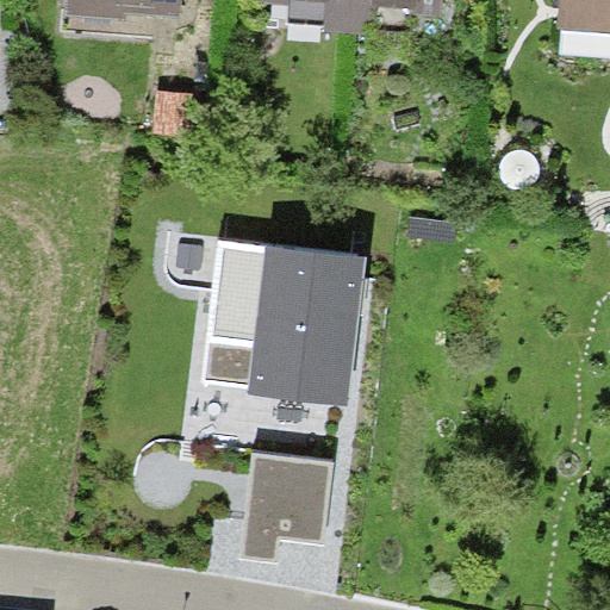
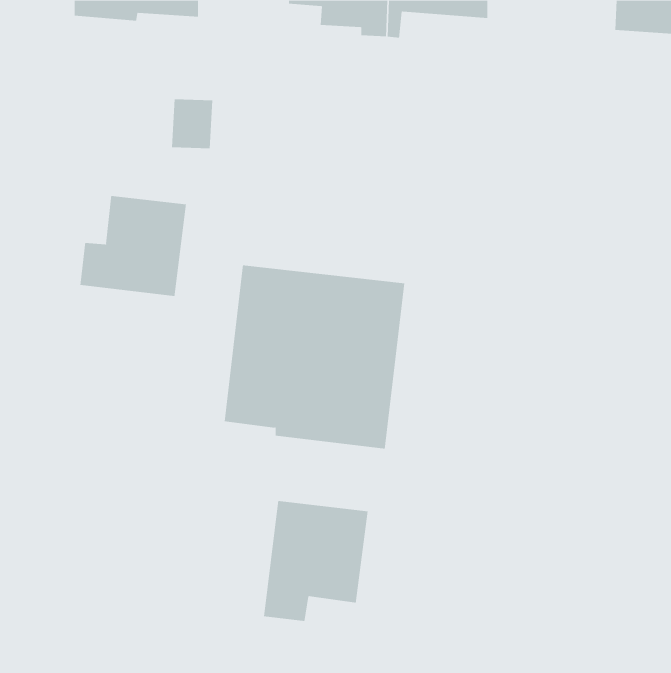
building: none -> [80,195,186,297]

